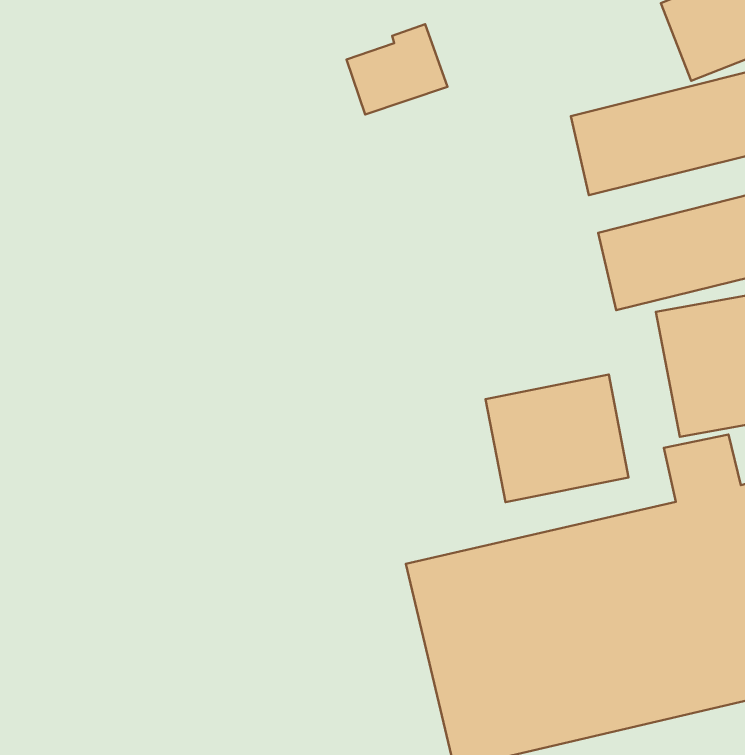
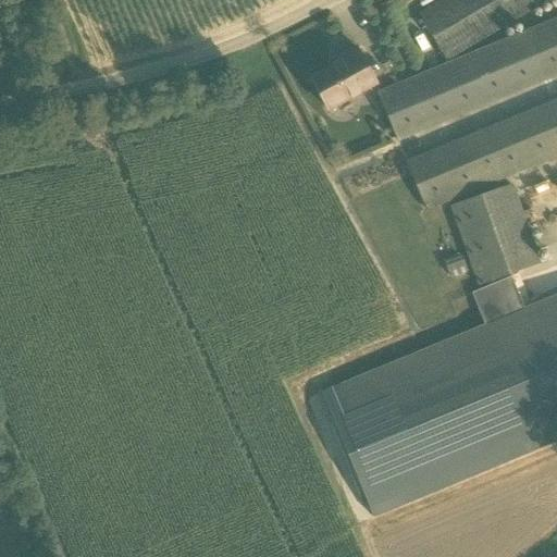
building: [347,24,448,114] -> [311,46,377,109]
building: [486,374,628,502] -> none

